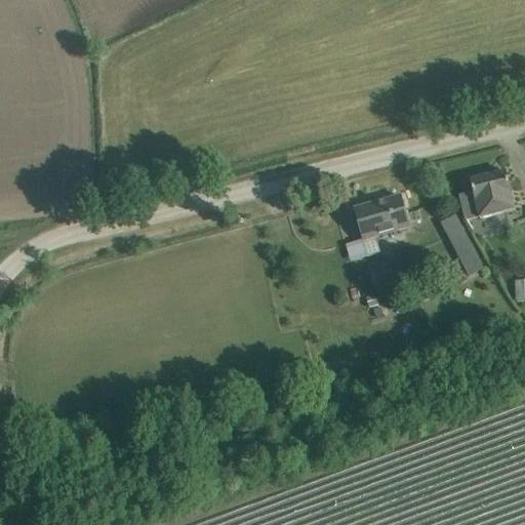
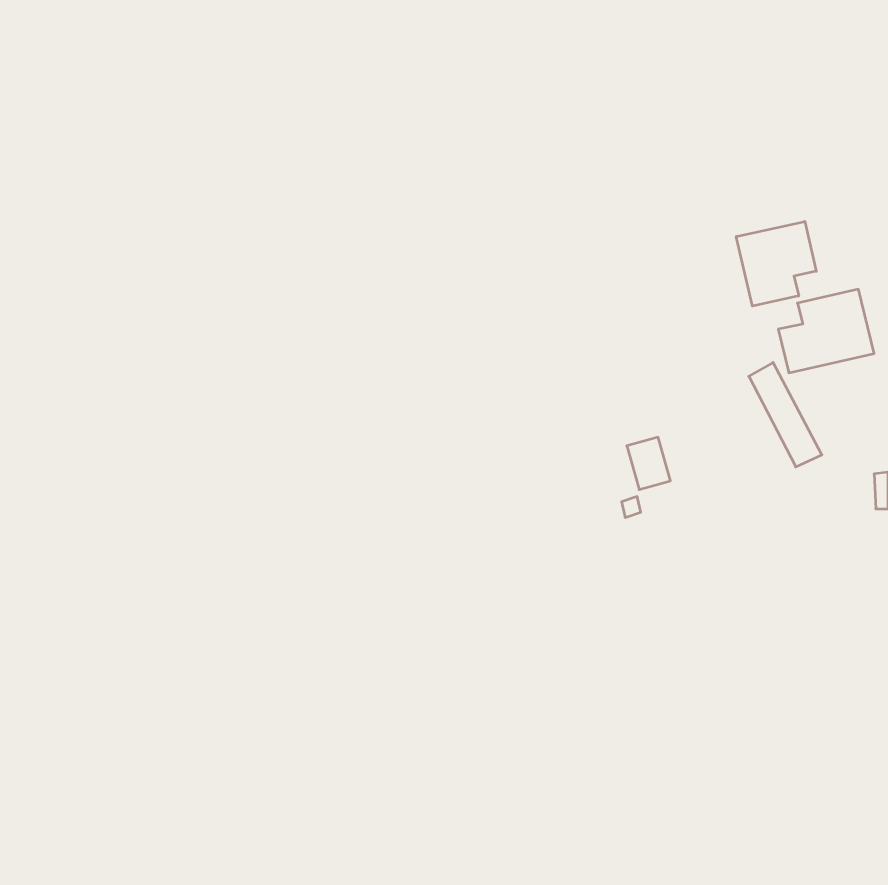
building: none -> [736,221,816,306]
building: [354,195,409,255] -> none

